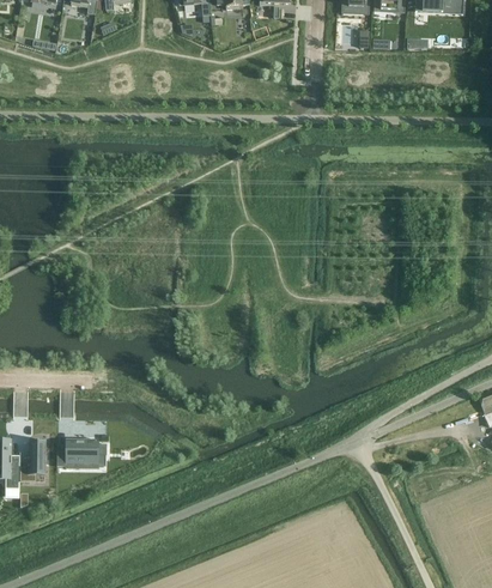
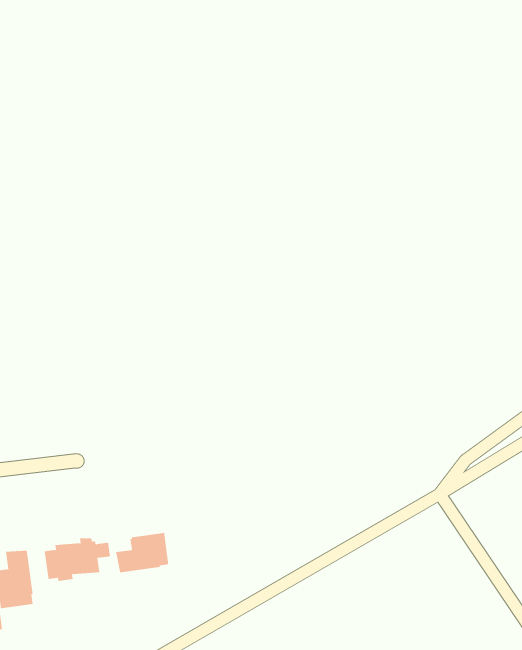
building: none -> [116,532,169,573]

